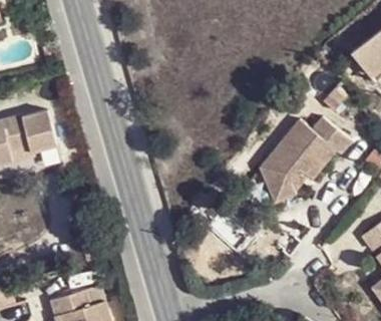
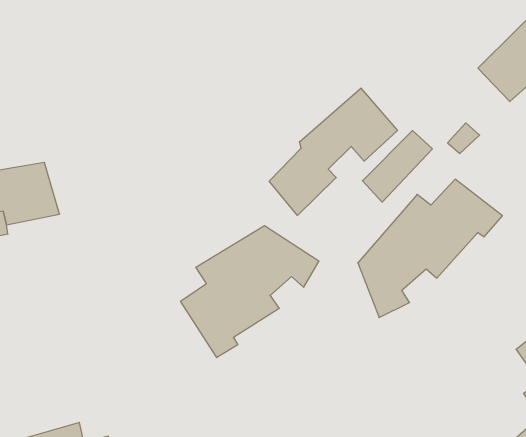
building: none -> [269,88,397,215]
building: none -> [181,226,319,358]

